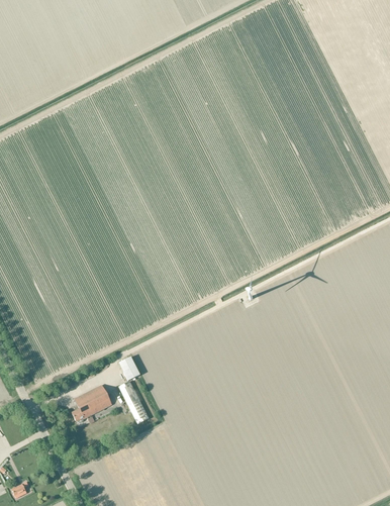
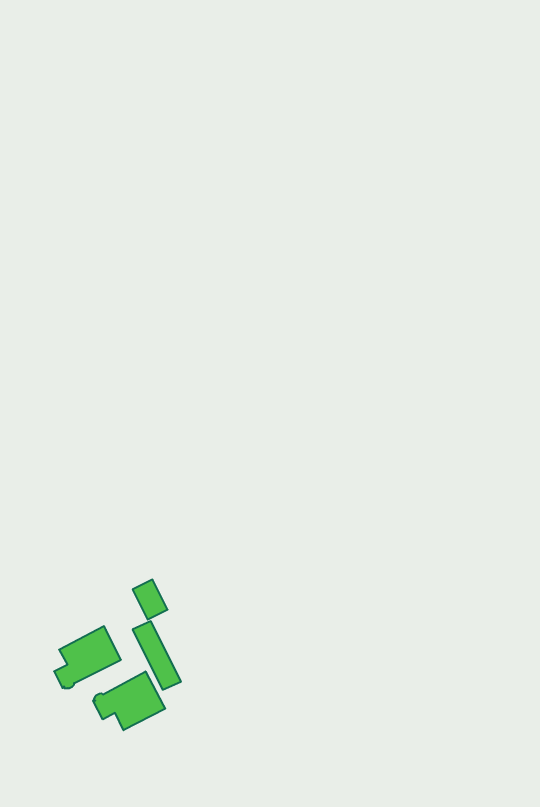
building: none -> [93,671,165,730]

